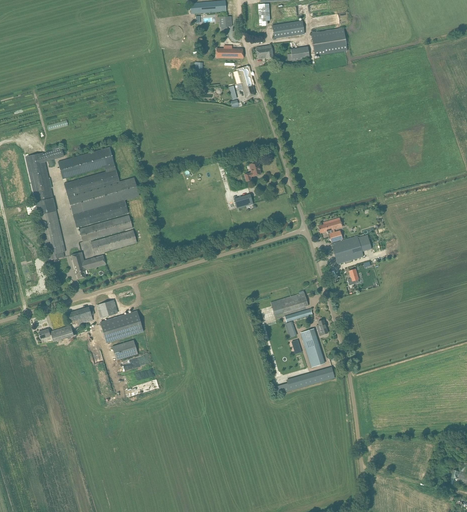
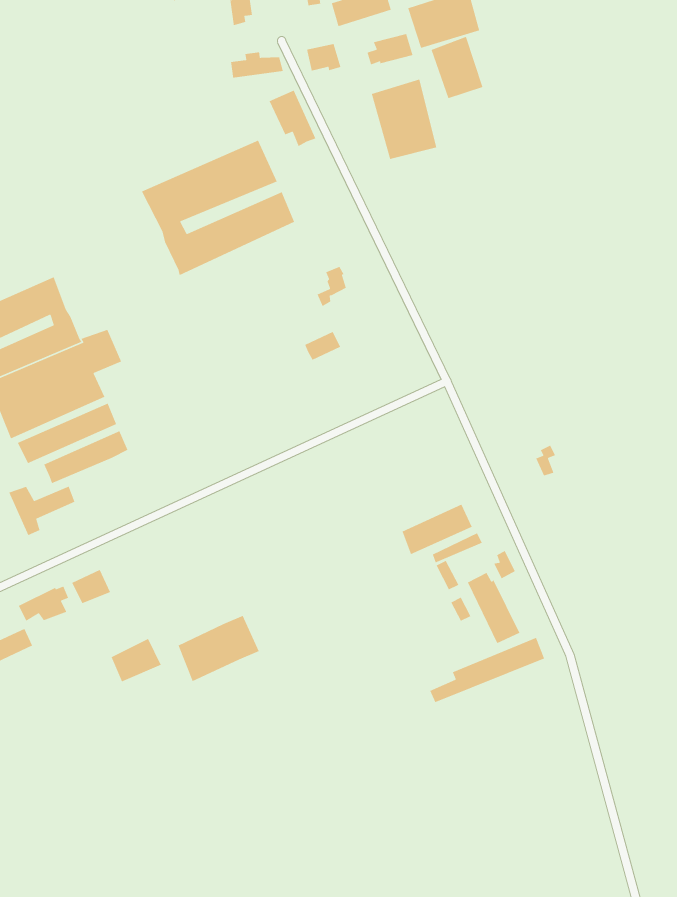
building: none -> [430,36,484,99]
building: none -> [371,79,437,160]
building: none -> [141,139,295,276]
building: [318,217,363,263] -> none
building: [101,311,143,342] -> [177,615,260,682]

